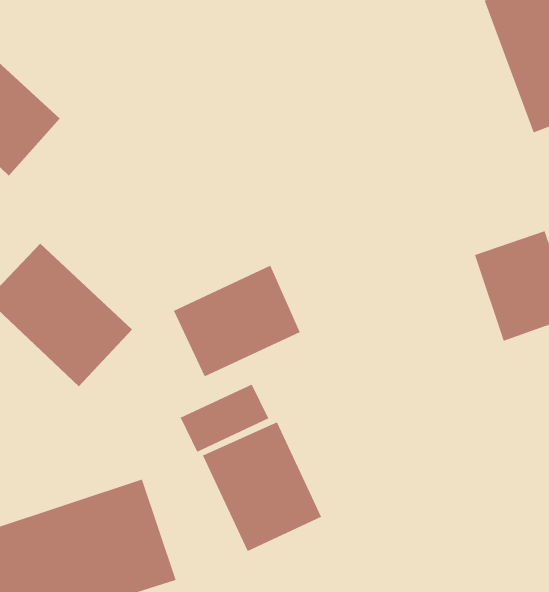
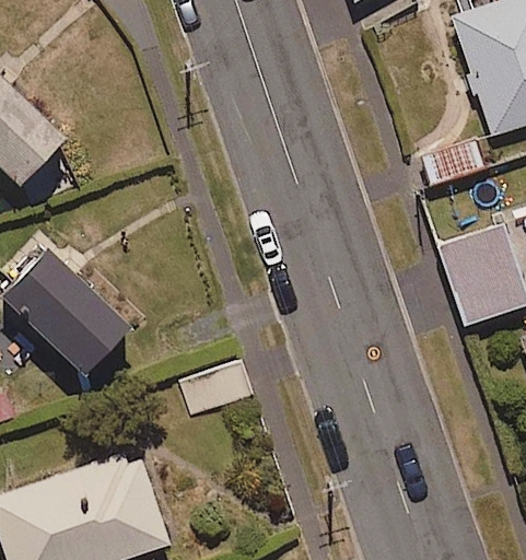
building: [173,265,300,377] -> none
building: [202,422,322,552] -> none

